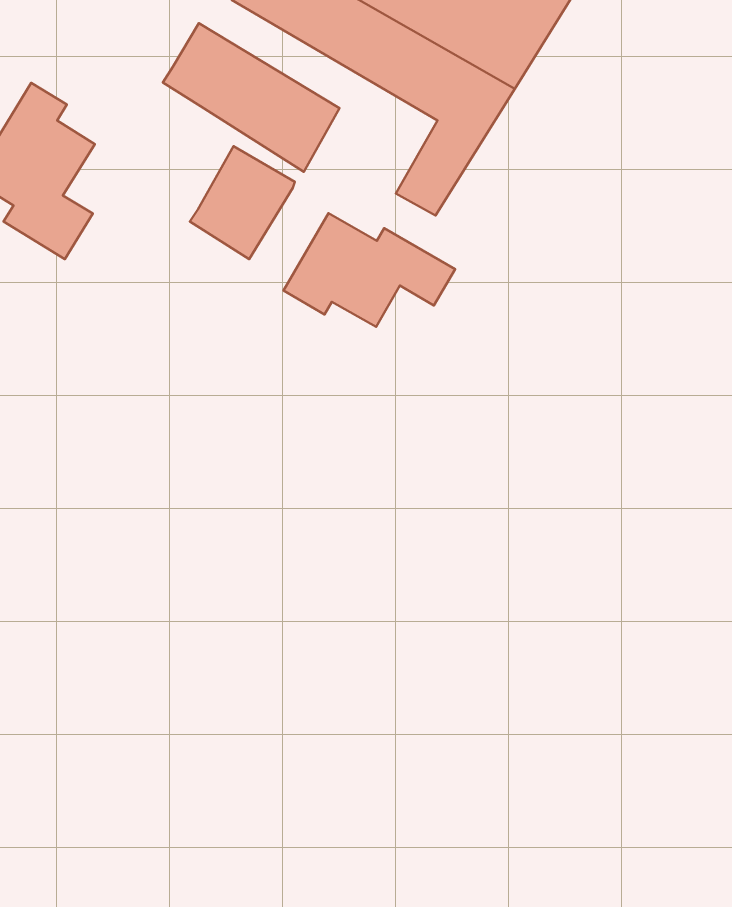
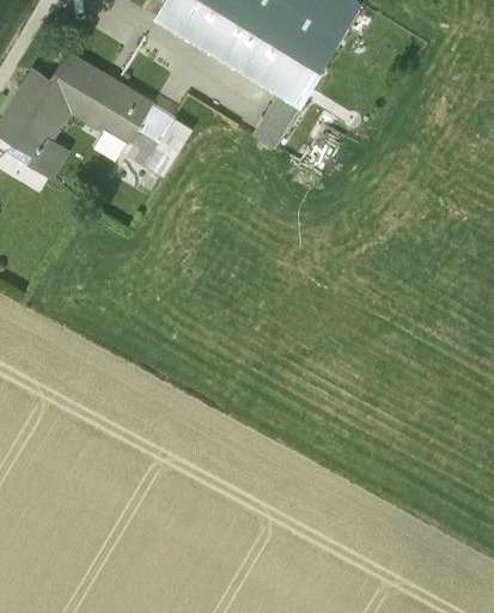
building: [163,23,339,172] -> [45,55,152,145]
building: [283,213,455,327] -> none

